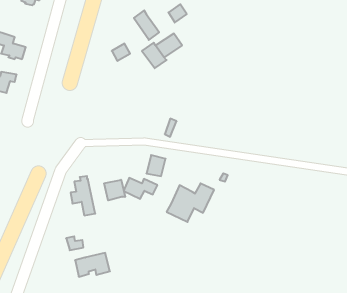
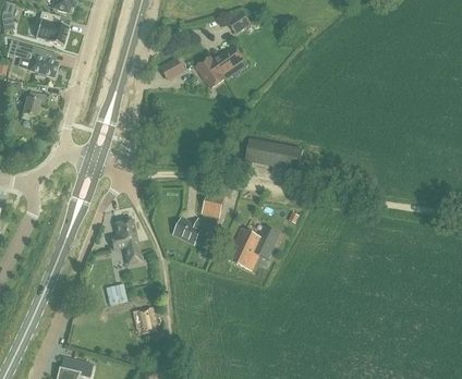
building: none -> [35,11,68,45]
building: [134,10,159,40] -> none
building: none -> [244,138,302,170]
building: [104,180,125,200] -> none

